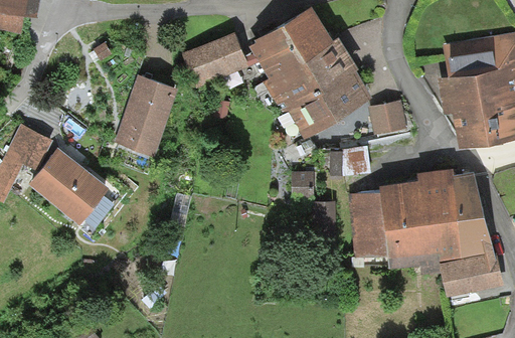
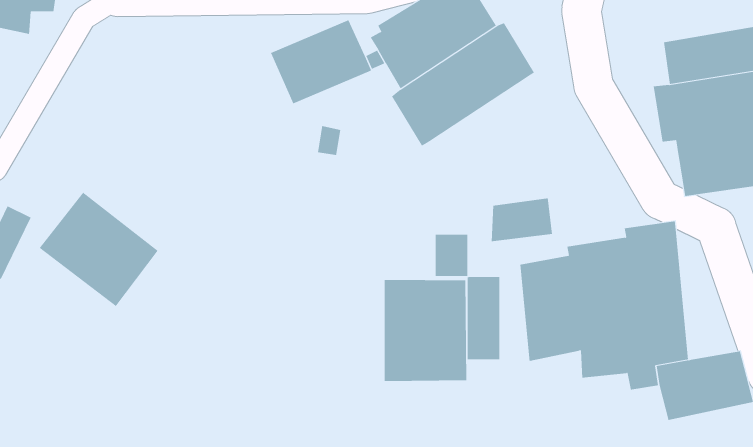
building: [288,67,371,138] -> none
building: [116,71,176,154] -> none
building: [367,101,407,138] -> none
building: [7,125,52,169] -> none
building: [453,169,495,257] -> none
building: none -> [384,279,467,382]

